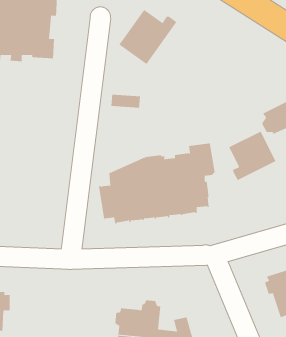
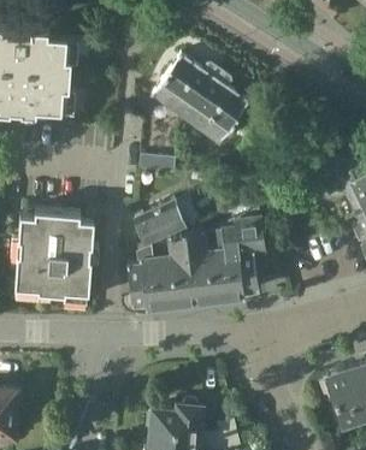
building: none -> [184,72,248,147]
building: [229,131,276,181] -> none
building: none -> [135,202,199,247]
building: none -> [14,212,94,304]

